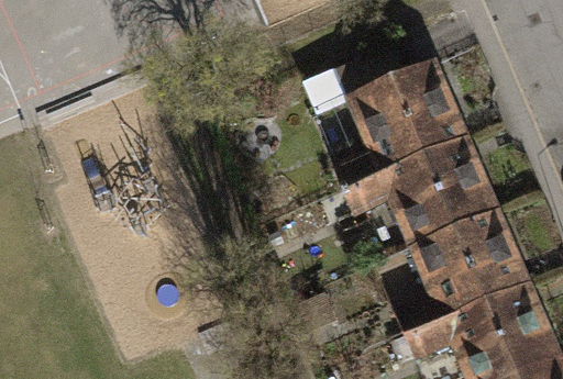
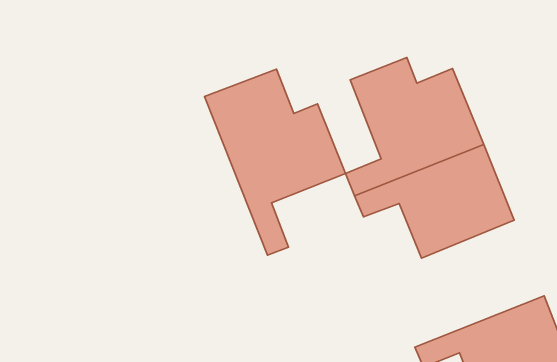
building: none -> [205,69,346,255]
building: [401,228,538,354] -> none

